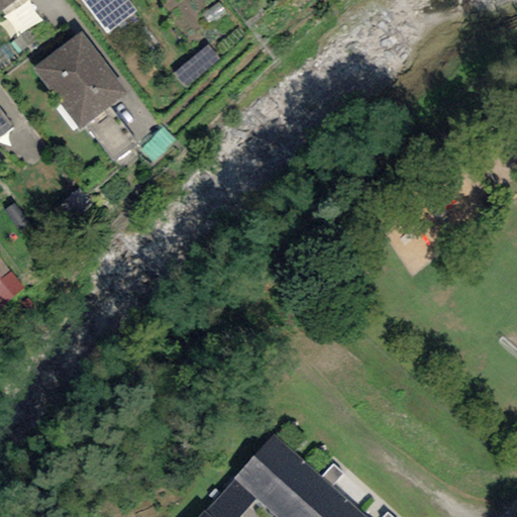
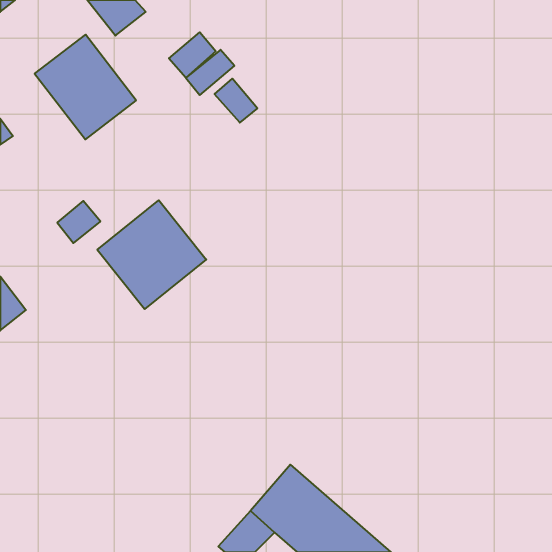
building: none -> [169,32,216,78]
building: none -> [215,79,257,123]
building: none -> [97,200,206,309]

